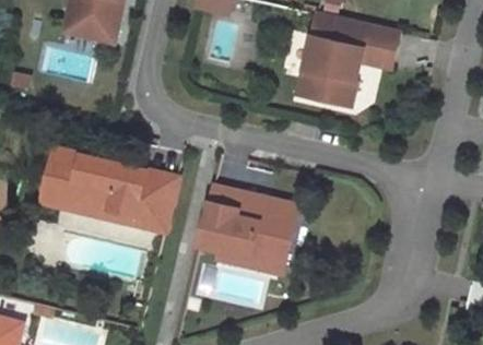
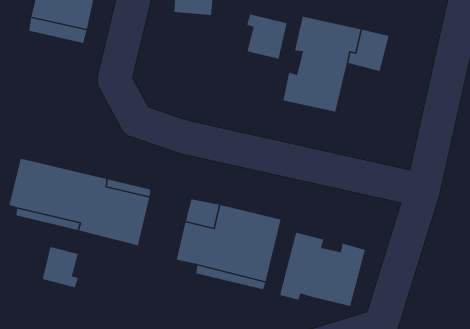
building: none -> [246,14,287,59]
building: none -> [279,232,366,307]
building: none -> [42,246,79,288]

